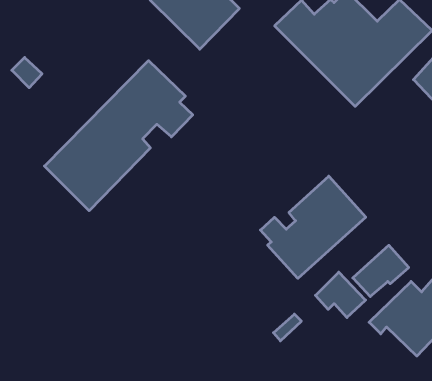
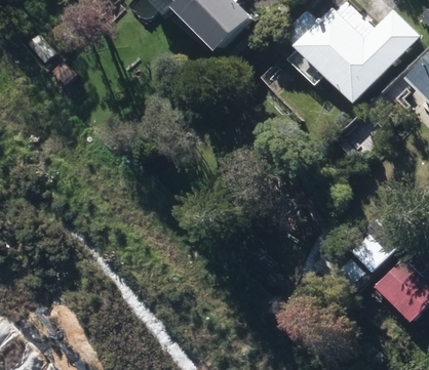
building: [44,61,193,211] -> none
building: [260,176,366,278] -> none

